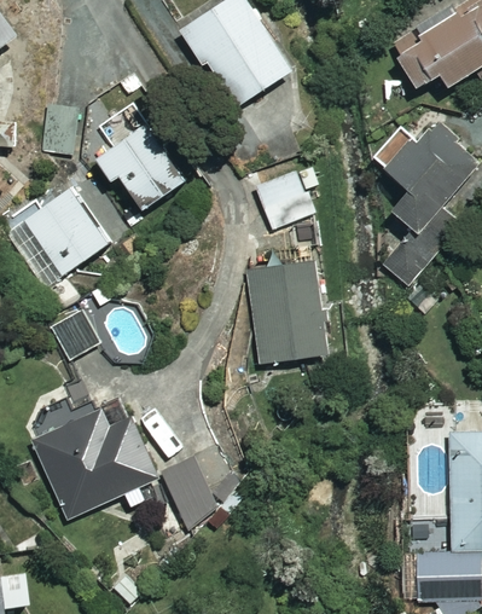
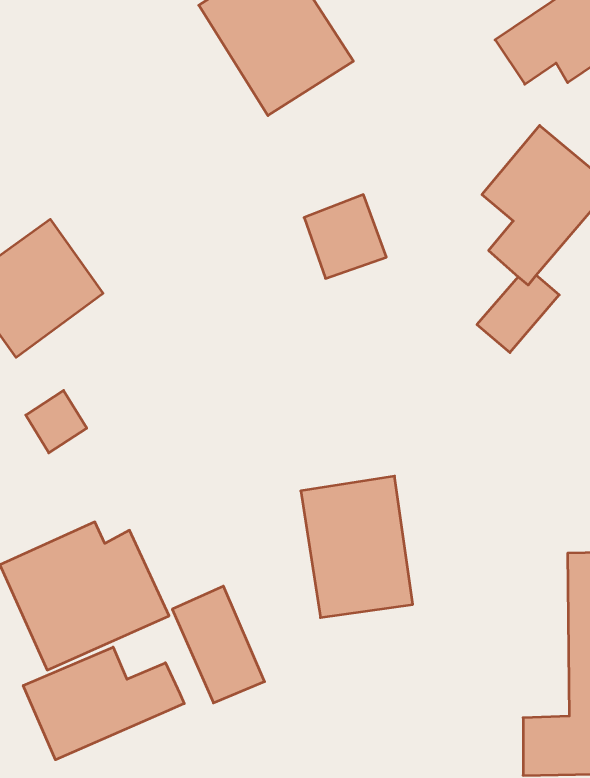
building: [98,121,179,199] -> none
building: [244,260,326,364] -> [301,476,413,618]
building: none -> [23,647,184,760]

